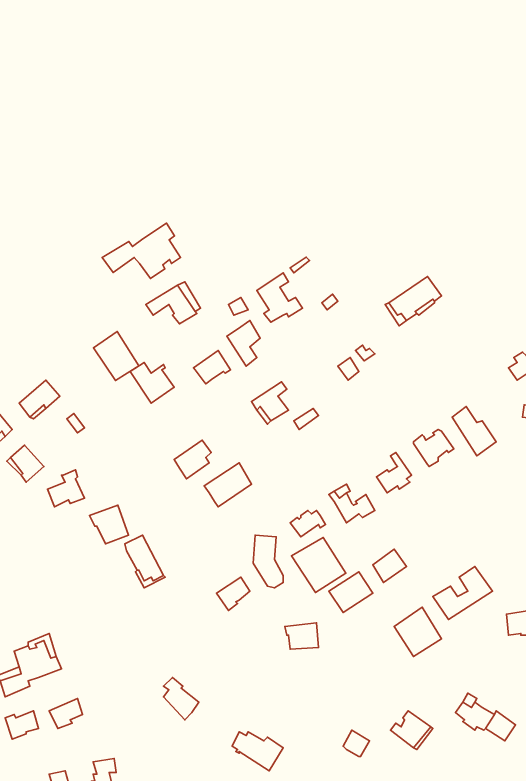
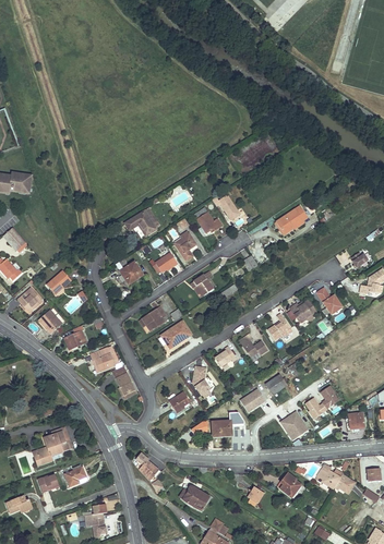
building: [102,223,181,279] -> none
building: [94,332,139,380] -> none
building: [291,537,346,593] -> none

